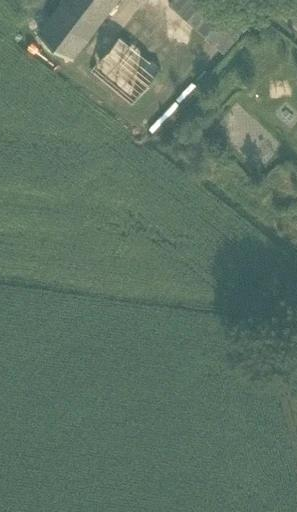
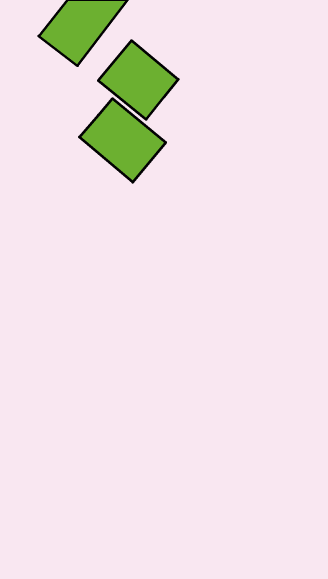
building: none -> [79,99,166,182]

